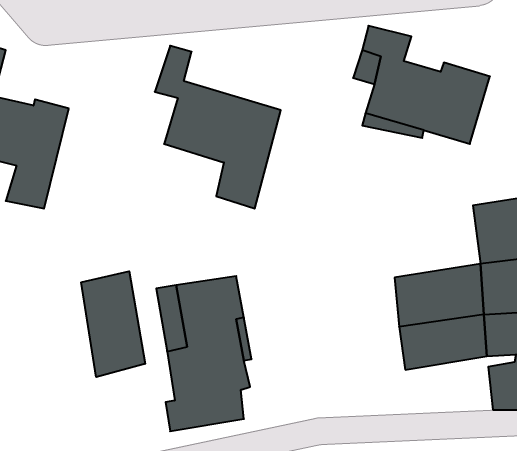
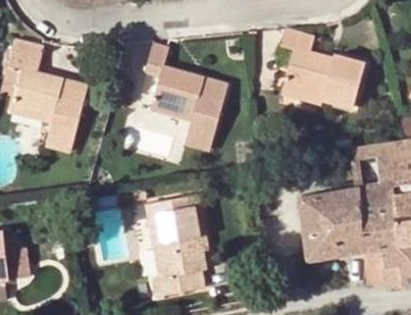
building: [81,271,145,377] -> none

